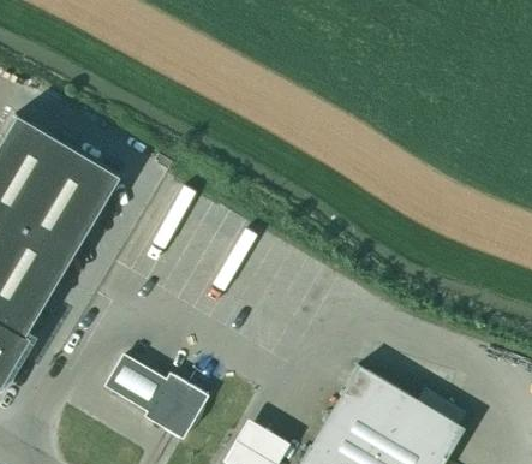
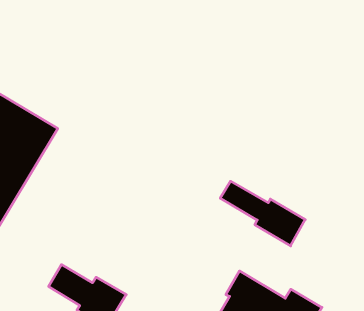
building: none -> [220,181,305,246]

